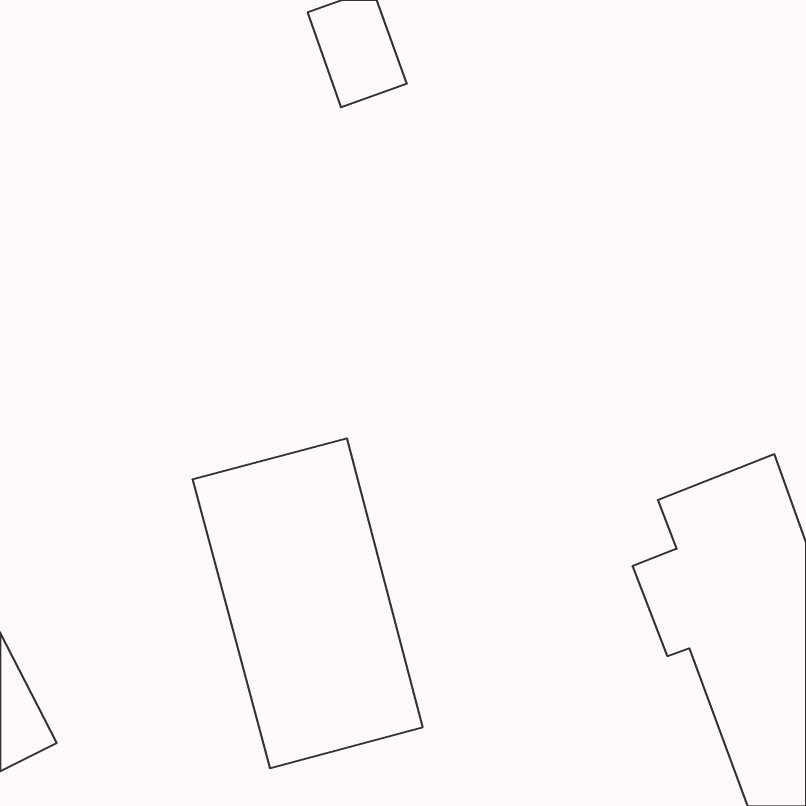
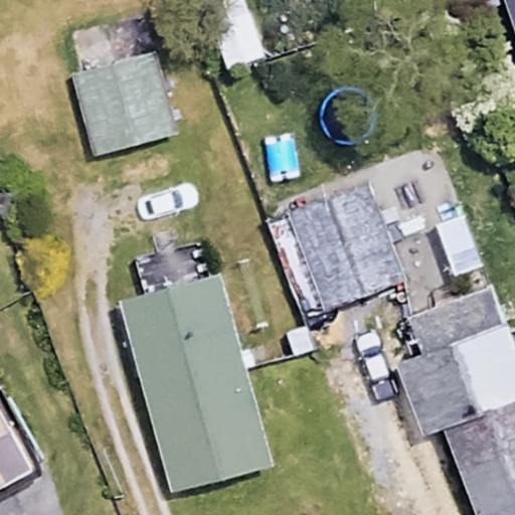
building: none -> [70,52,174,153]
building: none -> [266,184,403,316]

